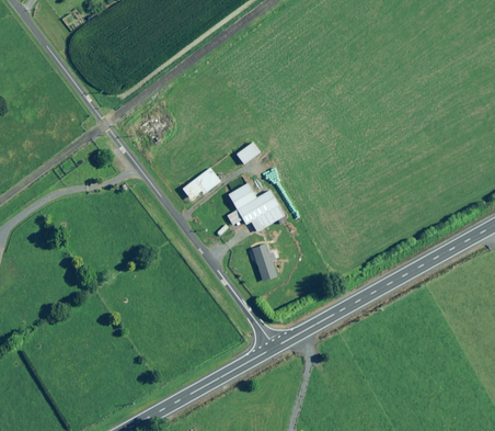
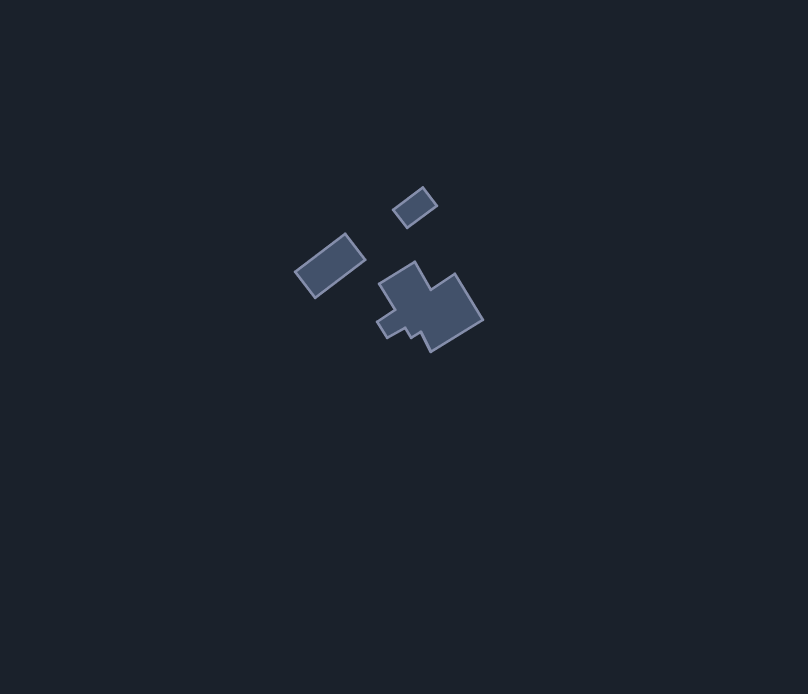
building: [251,243,276,281] -> none

